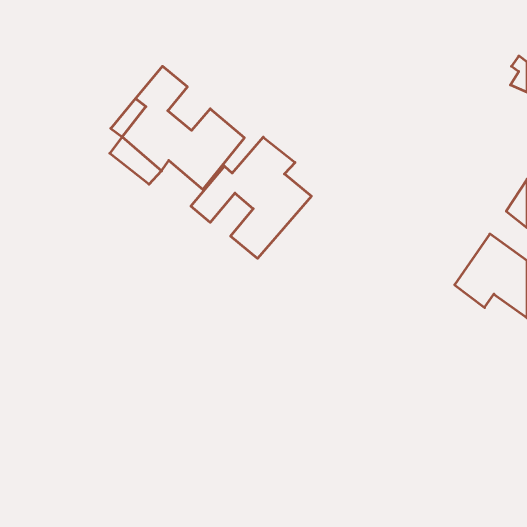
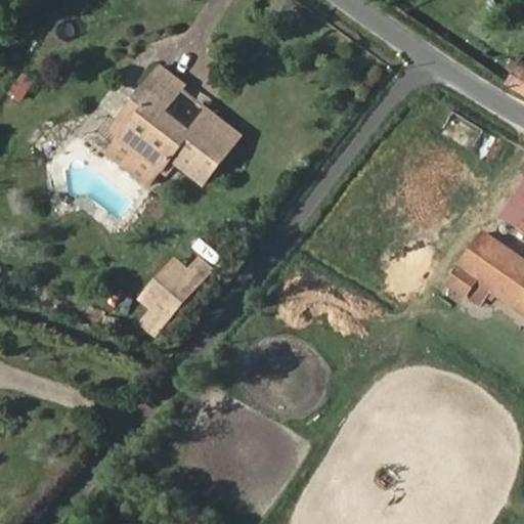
building: [191,137,311,258] -> none
building: none -> [138,254,211,333]

